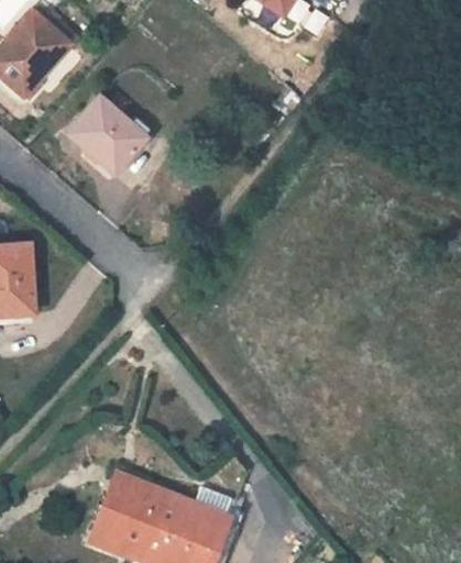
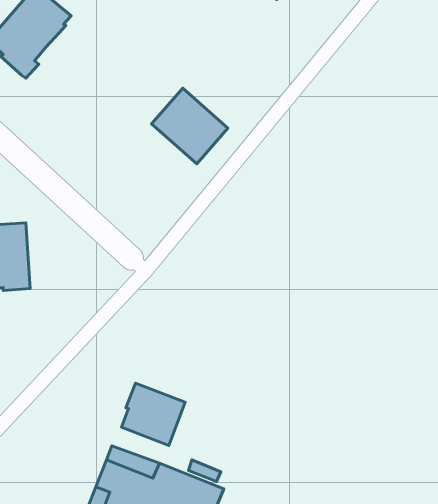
building: [68,98,146,175] -> [152,88,228,164]
building: none -> [121,383,185,445]

